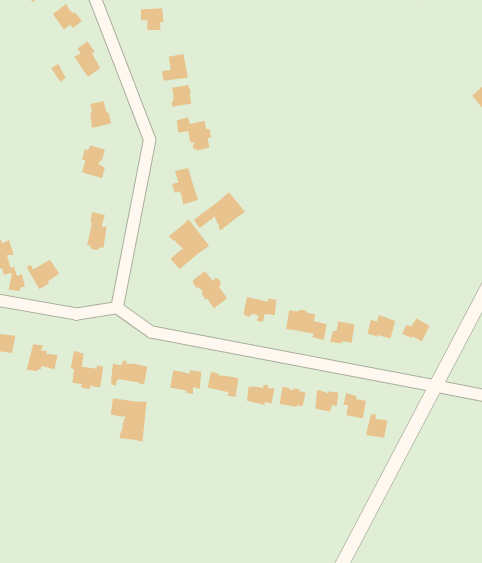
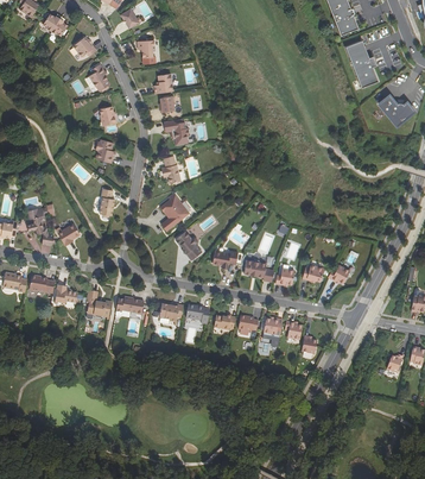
building: none -> [345,39,379,87]
building: [193,191,246,232] -> none
building: [110,397,147,443] -> none

